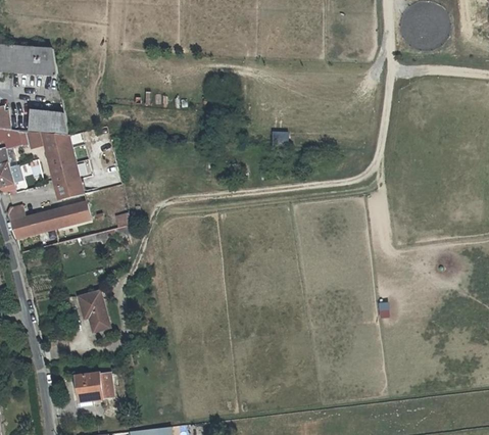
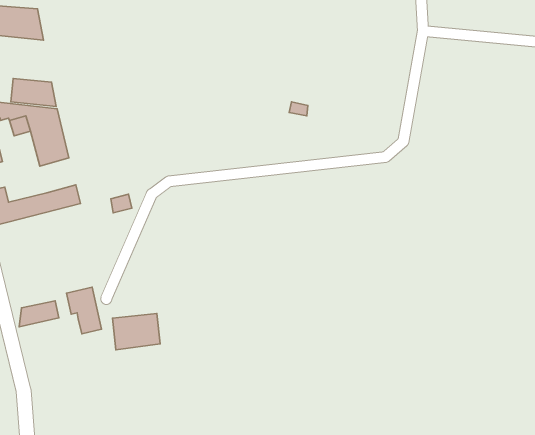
building: [54,179,84,199] -> none
building: none -> [19,301,59,327]
building: [72,371,114,402] -> [112,314,160,350]

